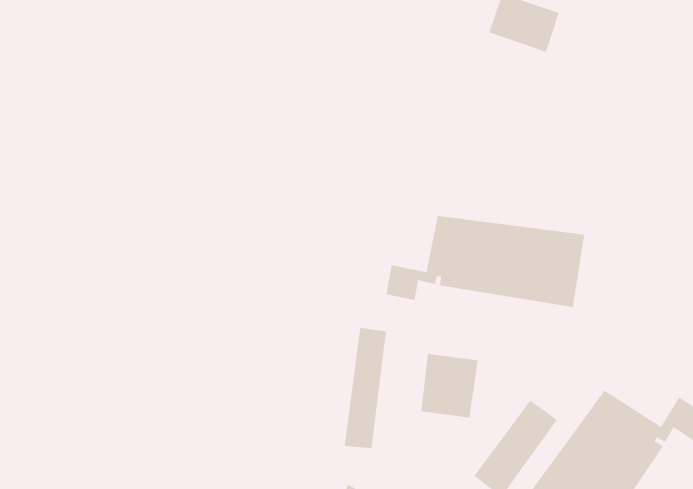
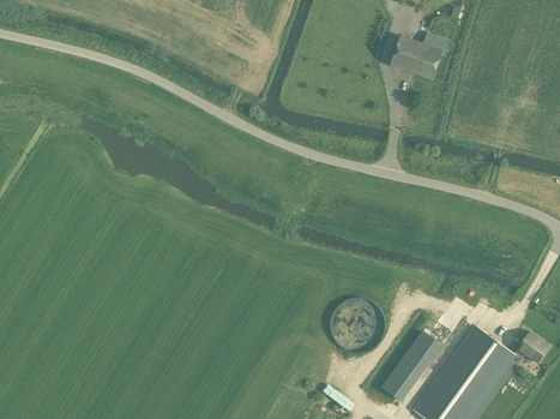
building: [386,215,585,308] -> none
building: [344,327,386,449] -> none

